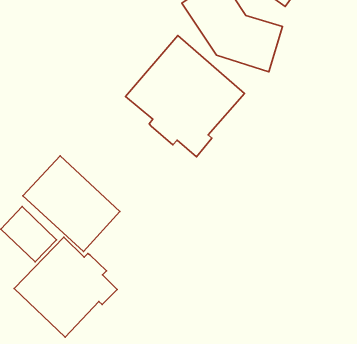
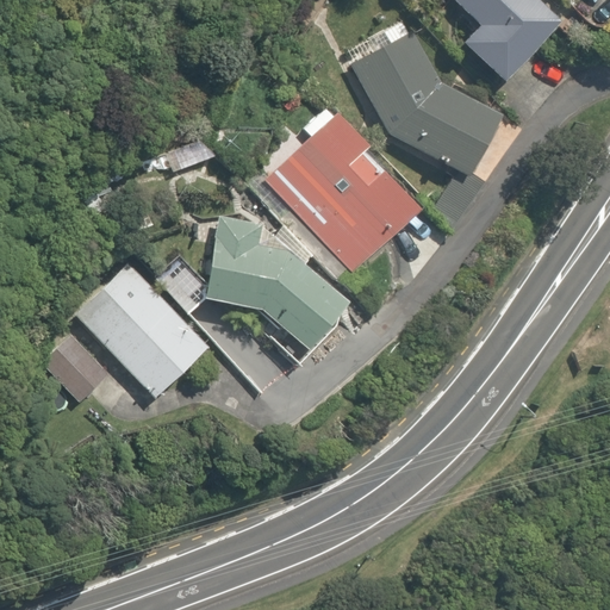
building: none -> [205,218,344,350]
building: [14,237,117,337] -> none

